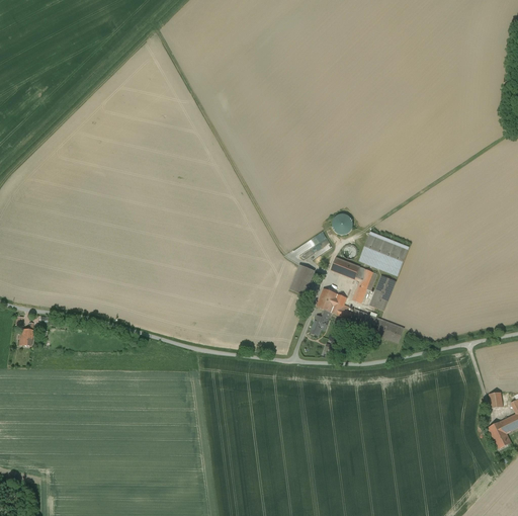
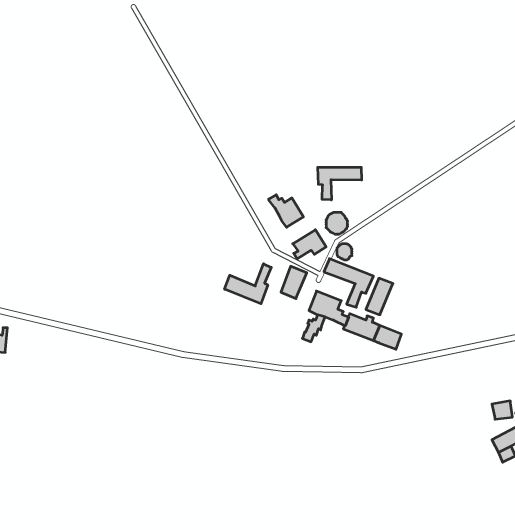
building: none -> [318,167,362,200]
building: none -> [269,195,303,227]
building: [358,233,408,276] -> none
building: none -> [225,264,271,304]

